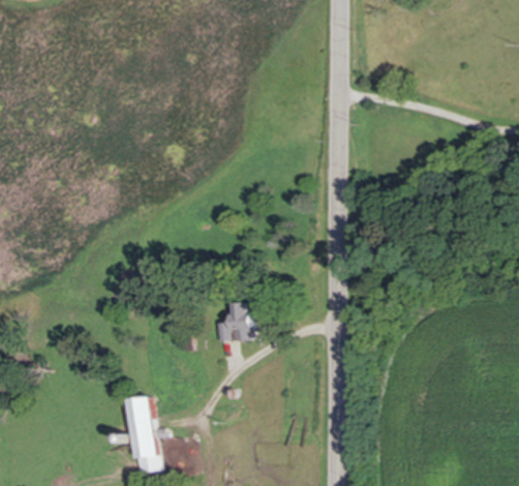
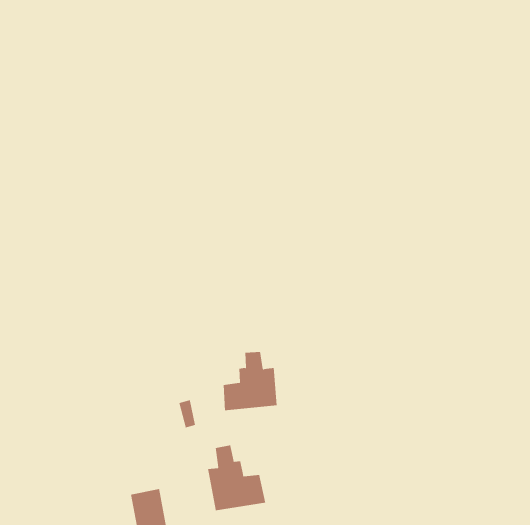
building: none -> [207,444,266,511]

